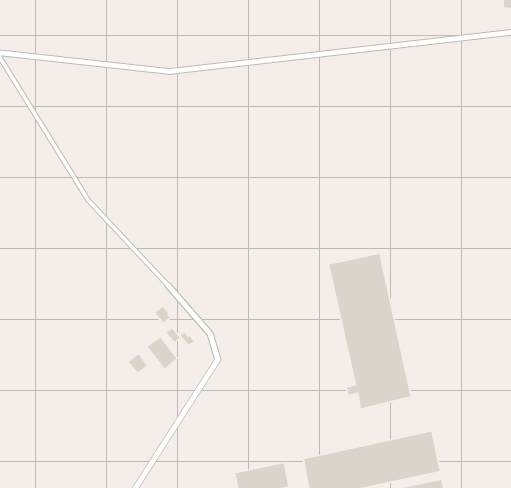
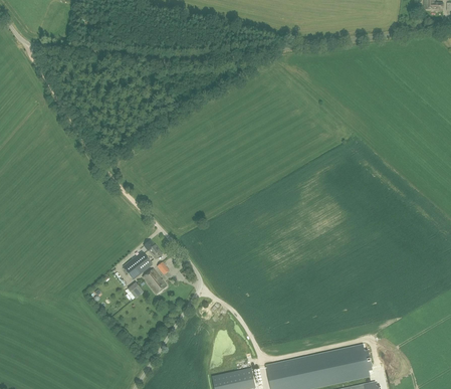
building: [328,253,411,409] -> none
building: none -> [122,251,152,279]

